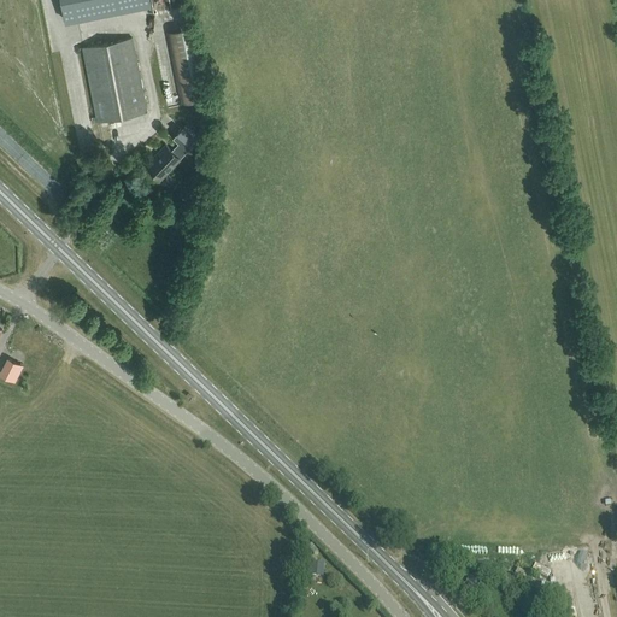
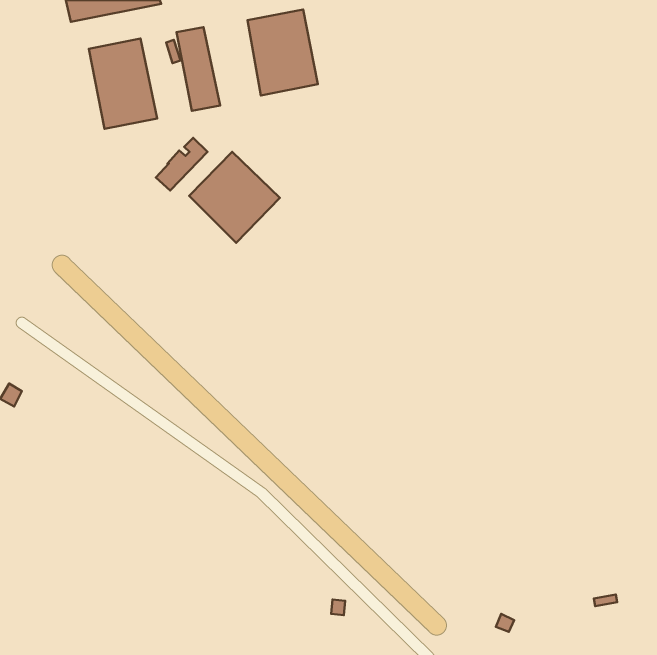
building: none -> [247,9,318,96]
building: none -> [189,152,280,243]

